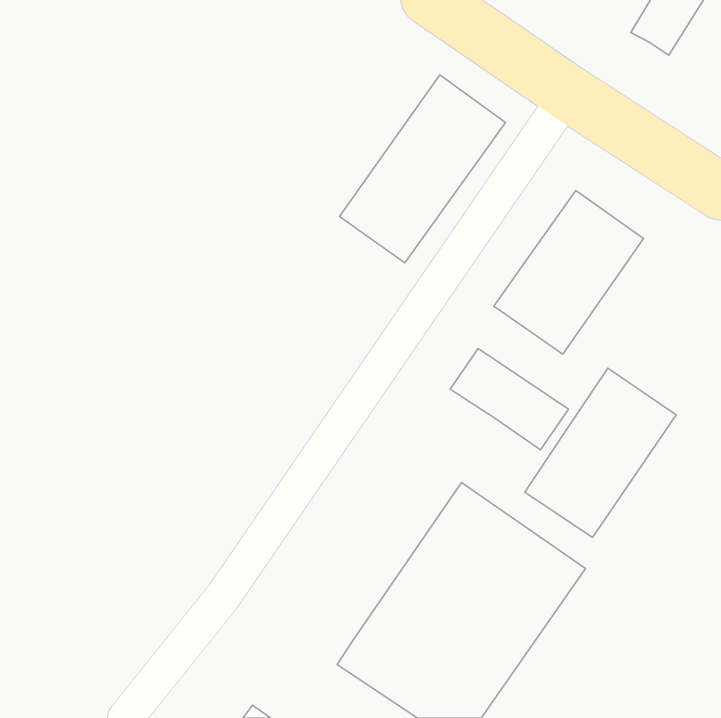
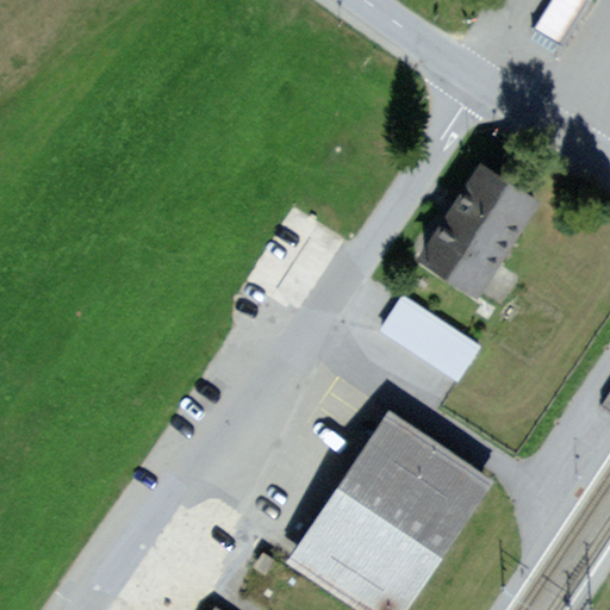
building: [339,75,505,263] -> none
building: [525,368,676,537] -> none

